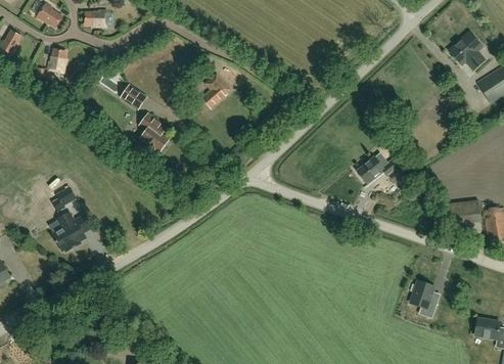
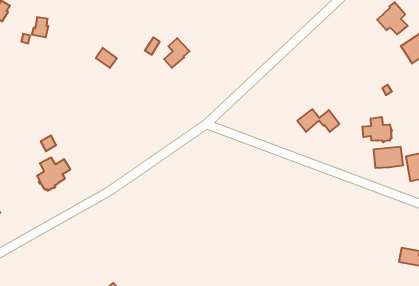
building: [137,113,169,156] -> none
building: none -> [363,117,392,142]
building: [410,280,437,317] -> none

